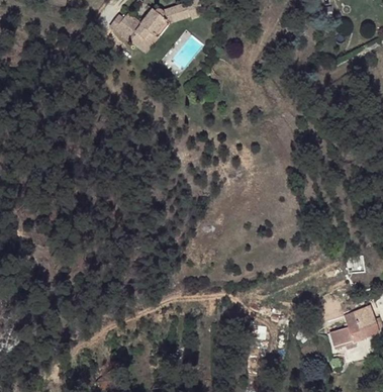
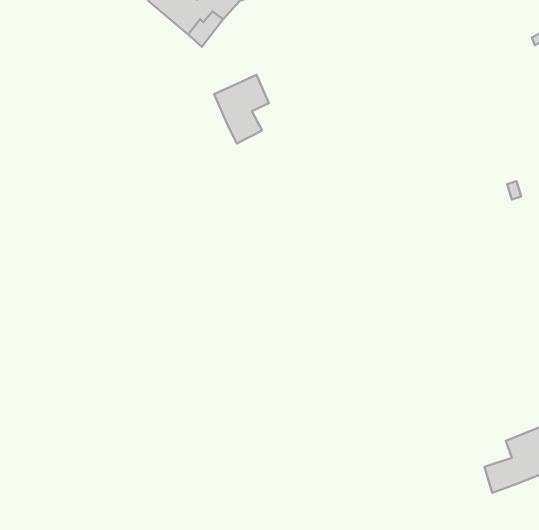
building: none -> [214,75,269,144]

